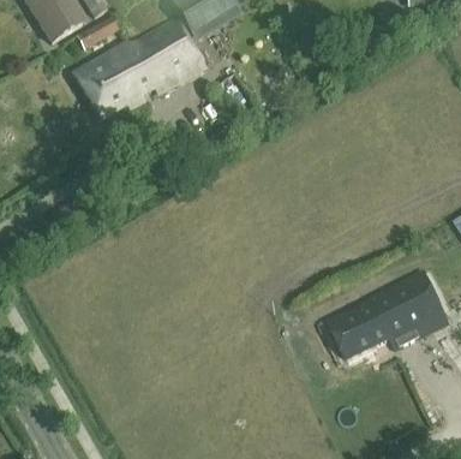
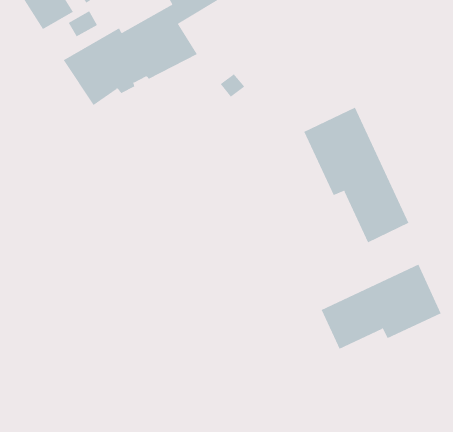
building: none -> [303,107,409,243]

